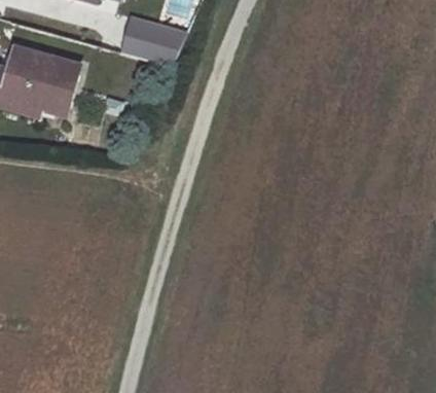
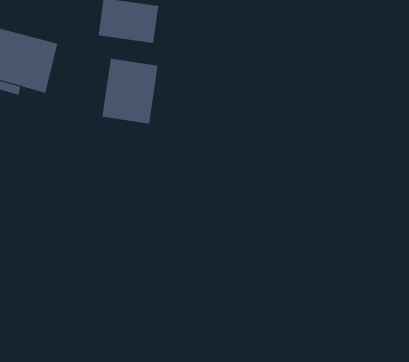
building: none -> [102,58,158,124]

